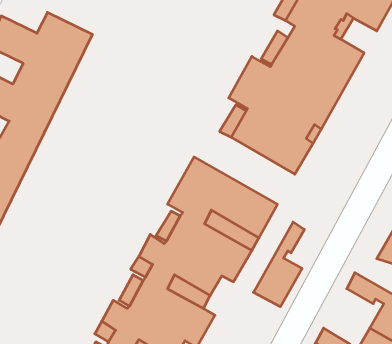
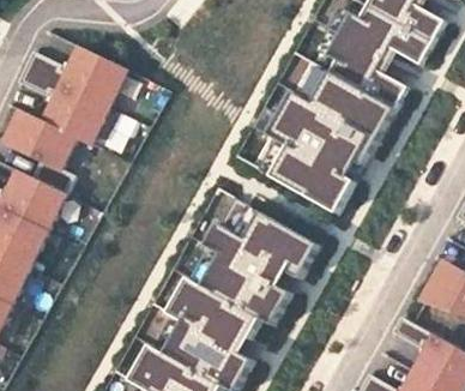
building: [253,222,304,307] -> none

